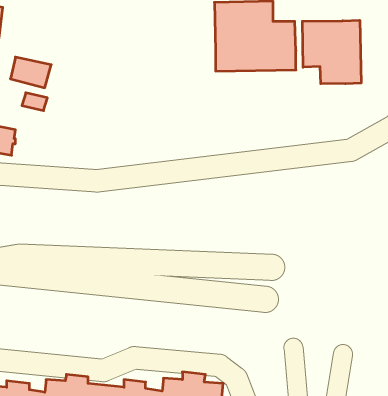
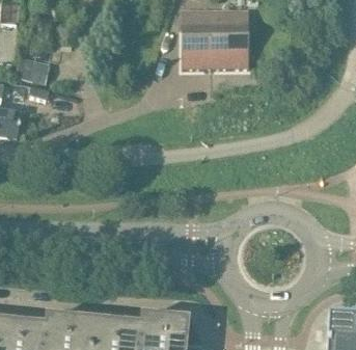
building: [302,20,361,84] -> none

